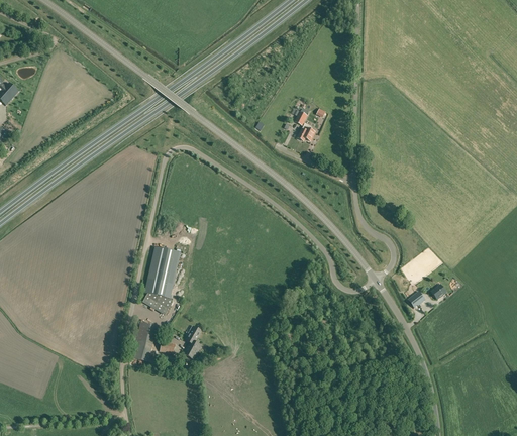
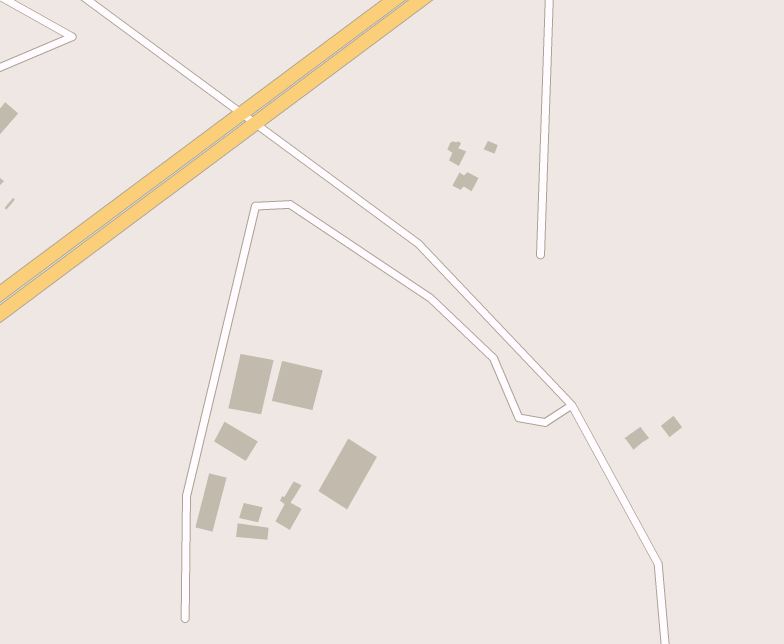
building: none -> [271,360,323,411]
building: none -> [317,438,378,511]

